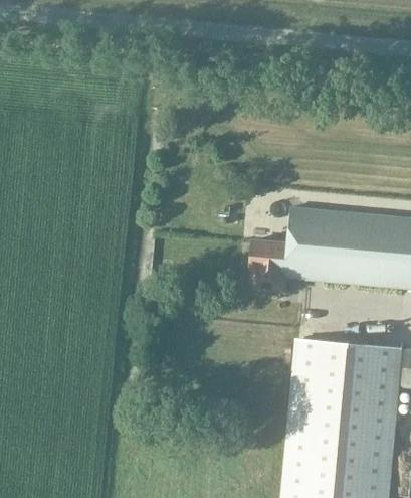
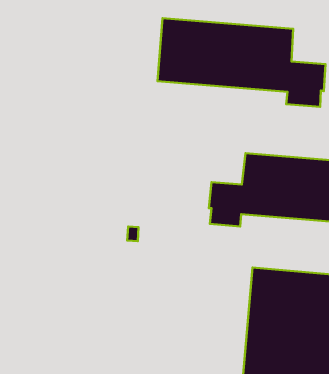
building: none -> [158,18,325,107]

